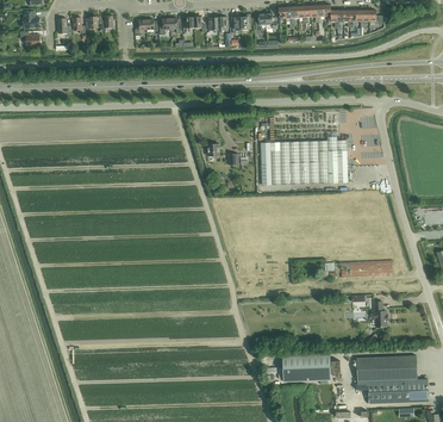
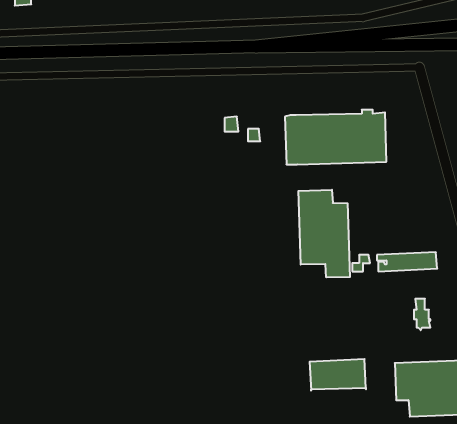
building: none -> [298,190,350,277]

